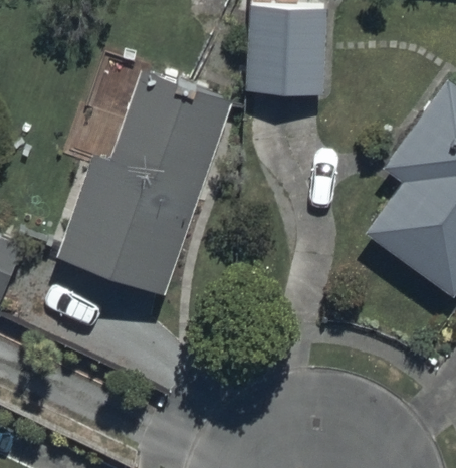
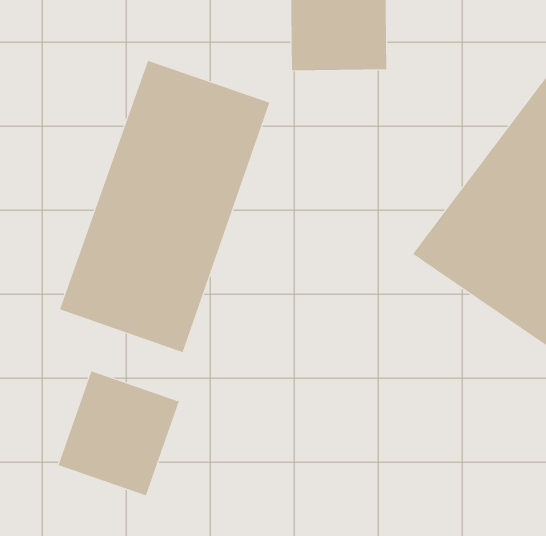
building: none -> [58,370,179,496]

